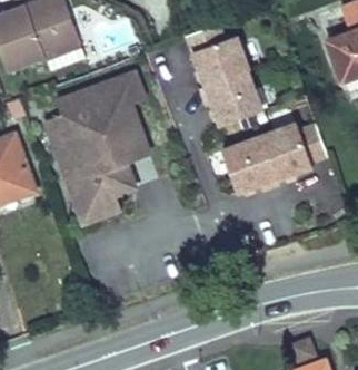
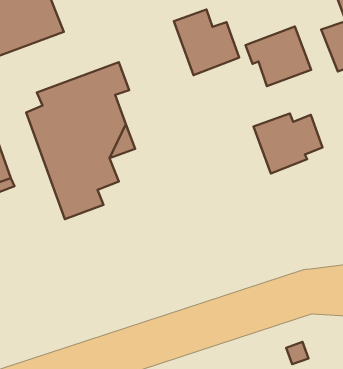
building: [199,68,261,125] -> [246,26,311,86]
building: [222,133,279,189] -> none

